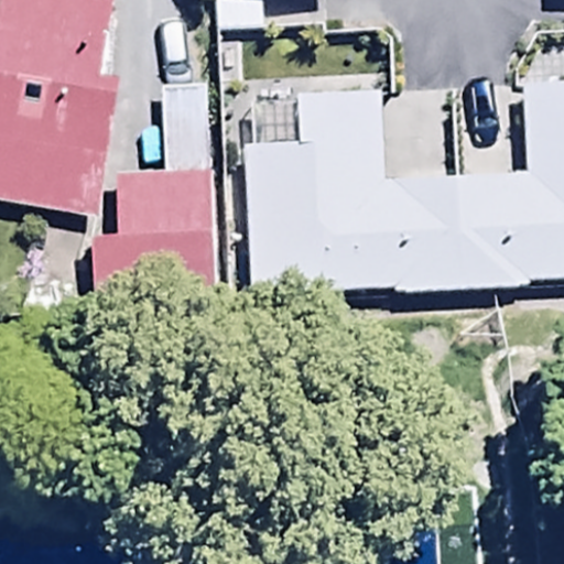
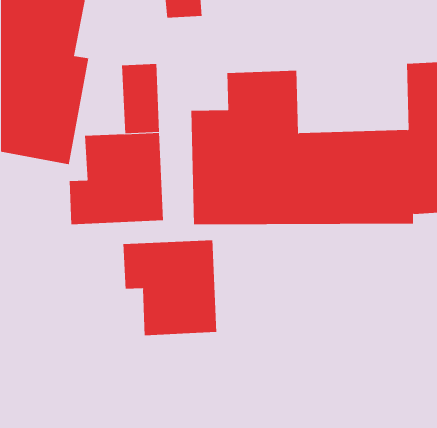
building: none -> [123,239,217,336]

